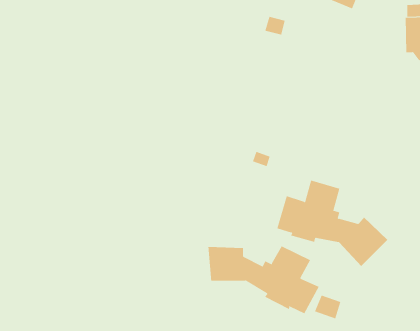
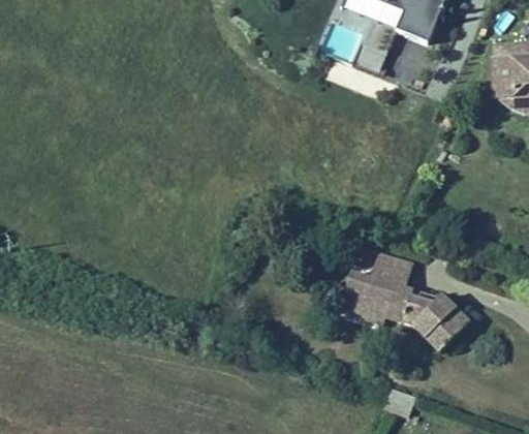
building: [208,246,320,314] -> none

